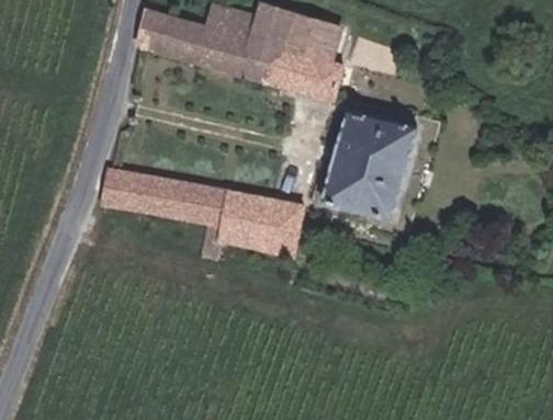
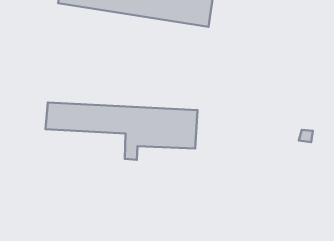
building: [323,111,416,220] -> none

